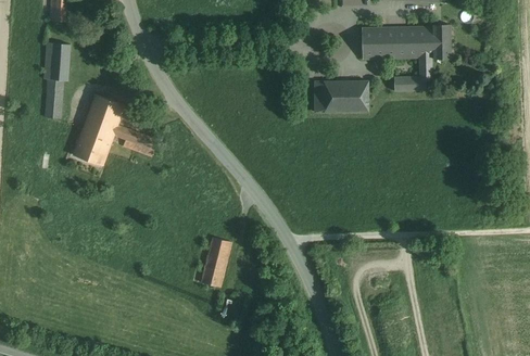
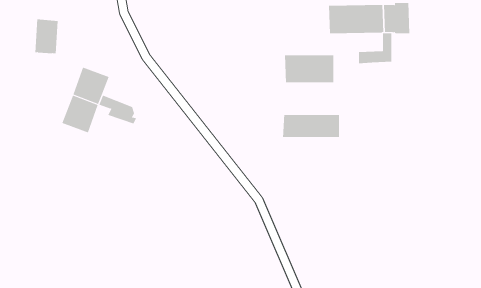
building: [45,77,63,116] -> none
building: none -> [283,114,339,138]
building: [201,236,231,285] -> none

